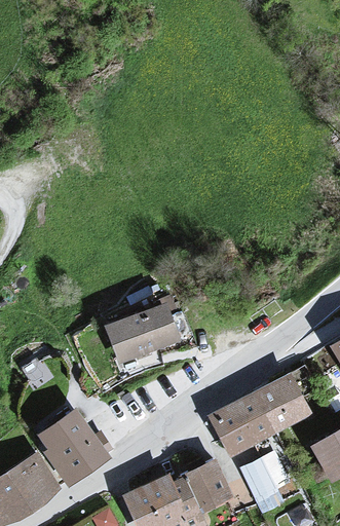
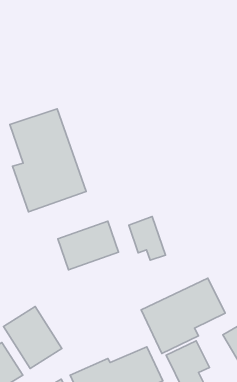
building: none -> [10,109,86,212]
building: none -> [129,216,166,260]

